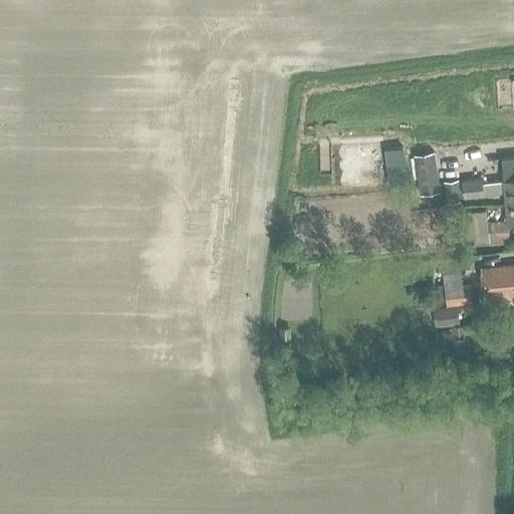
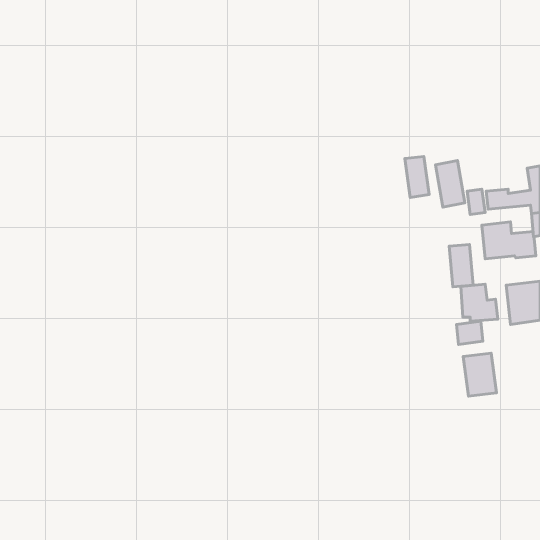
building: none -> [449,245,473,287]
building: none -> [463,353,496,396]

